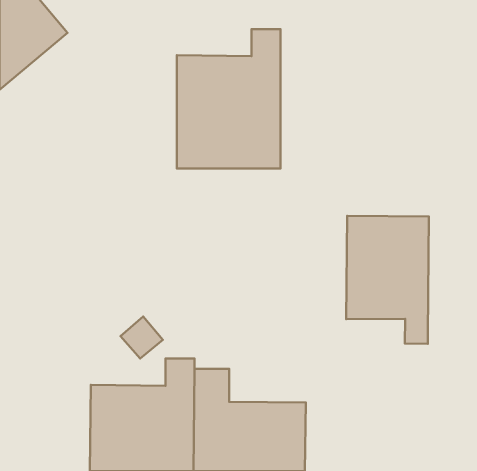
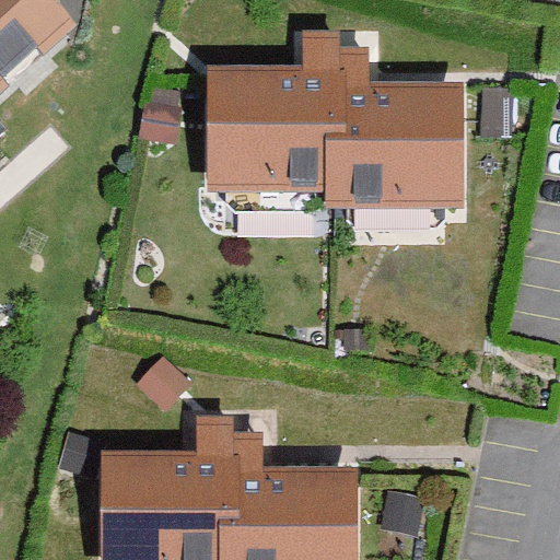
building: none -> [328,46,458,212]
building: [346,216,429,344] -> none

